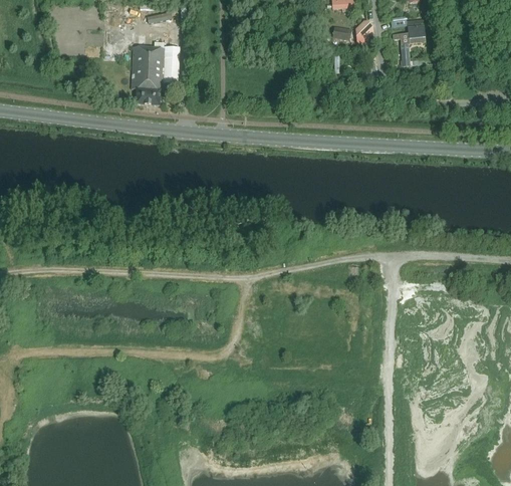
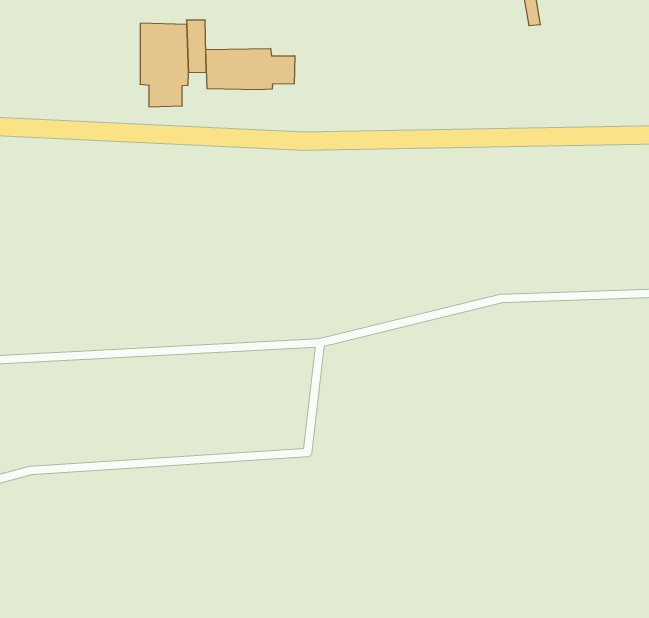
building: none -> [206,48,295,90]

